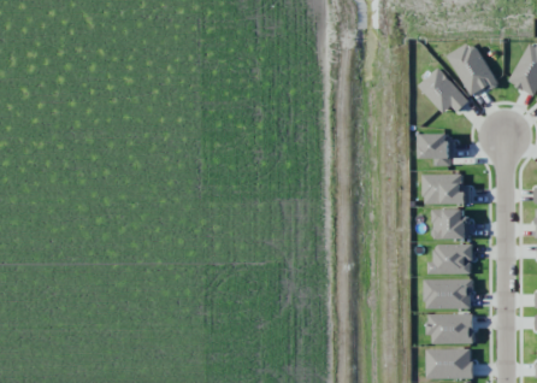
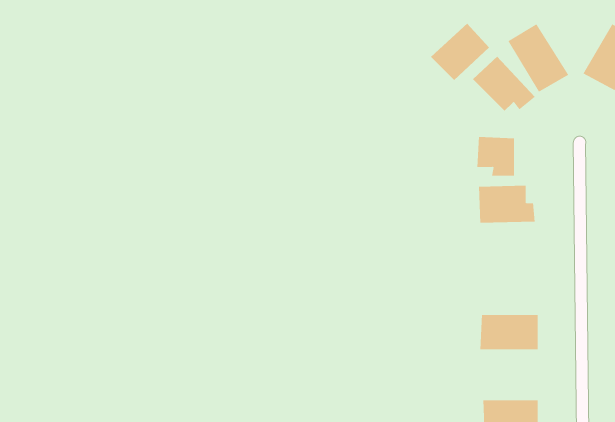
building: none -> [430,23,490,81]
building: [432,210,470,240] -> none
building: [427,244,473,275] -> none
building: [429,314,473,344] -> none

